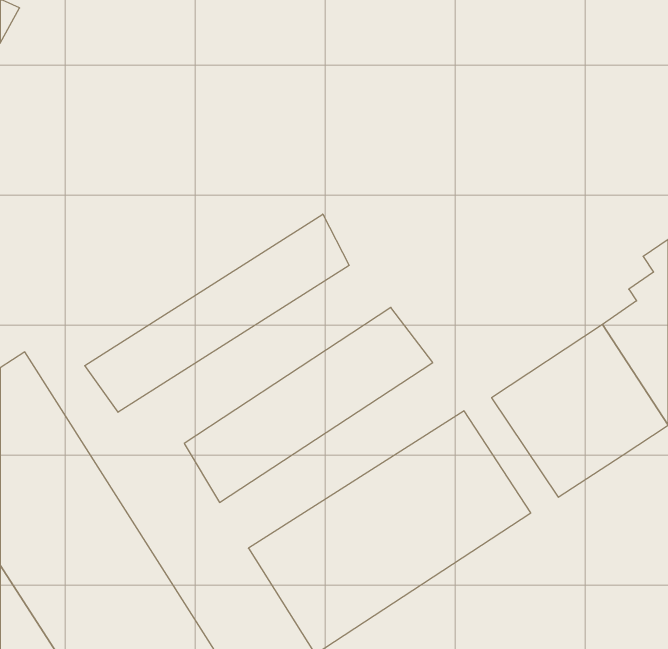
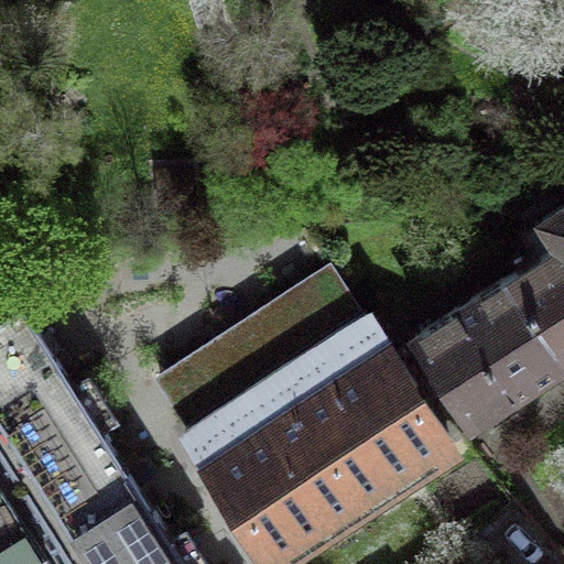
building: [85,214,349,412] -> none
building: none -> [185,322,391,478]

